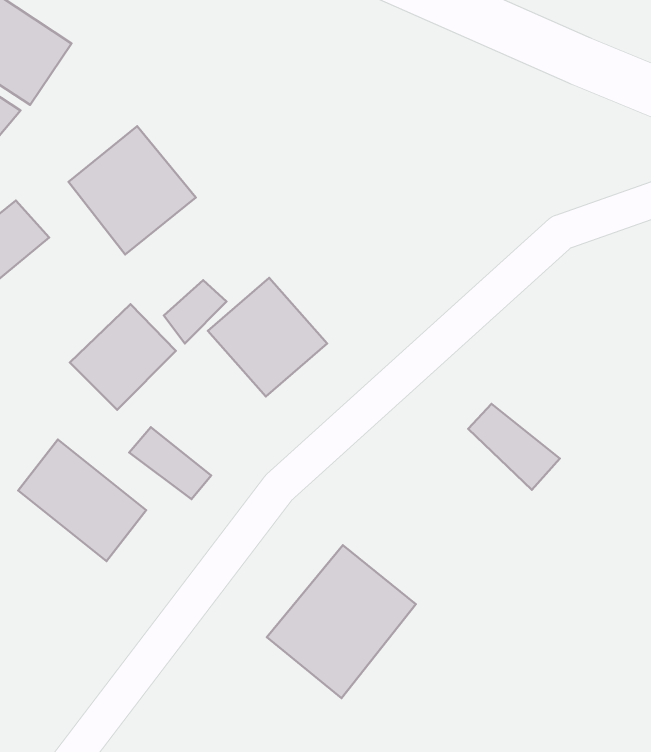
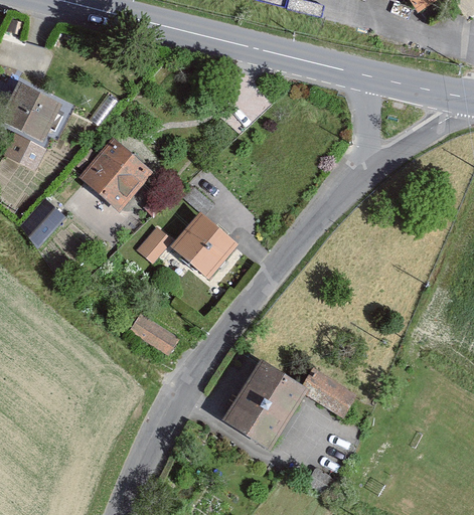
building: [70,304,176,410] -> none
building: [468,404,560,490] -> [304,368,358,413]
building: [18,439,146,561] -> none

